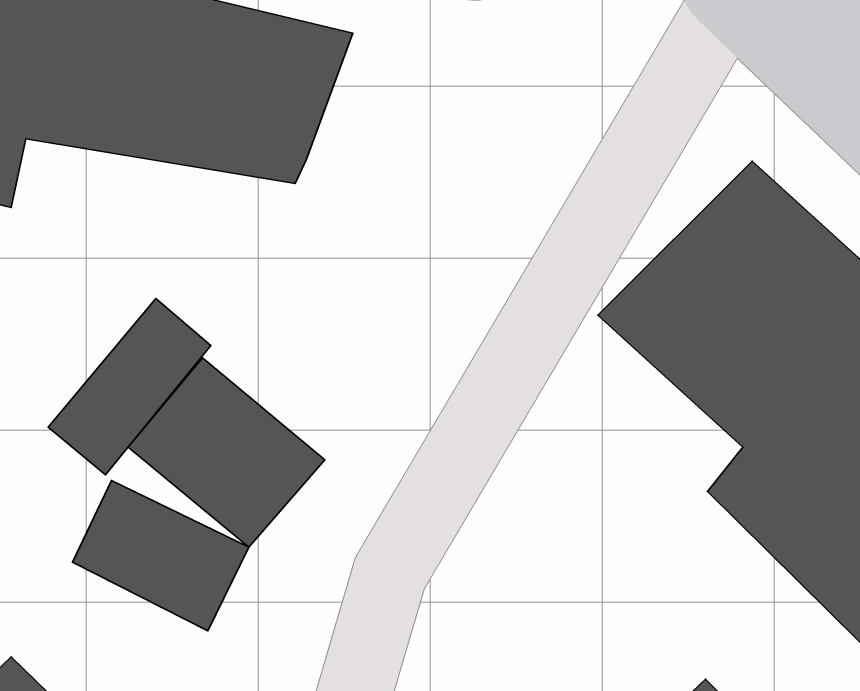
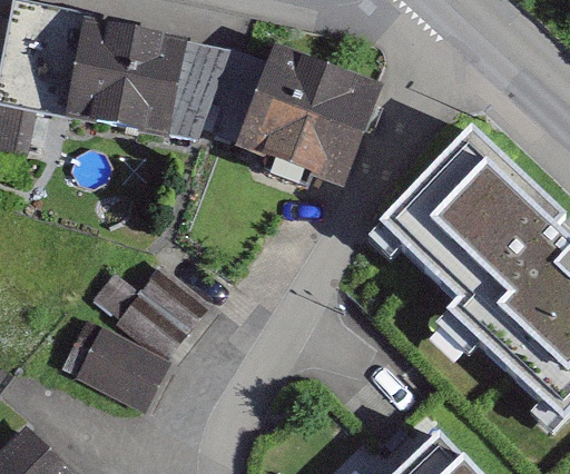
building: none -> [203,43,381,182]
building: [48,299,211,475] -> none

